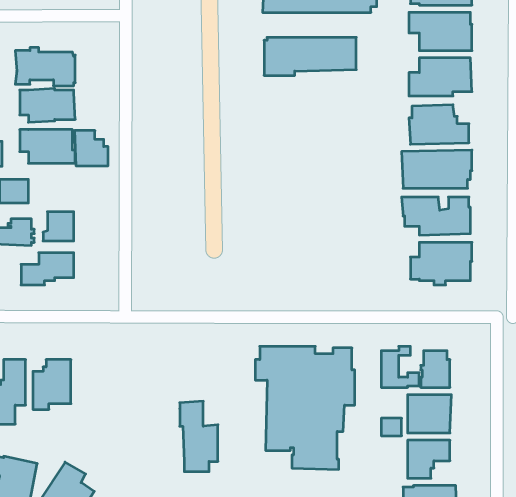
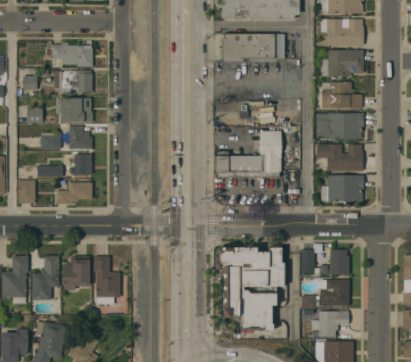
building: [74,131,108,166] -> [68,125,91,149]
building: none -> [215,130,280,177]
building: [180,401,218,472] -> [93,255,119,303]

